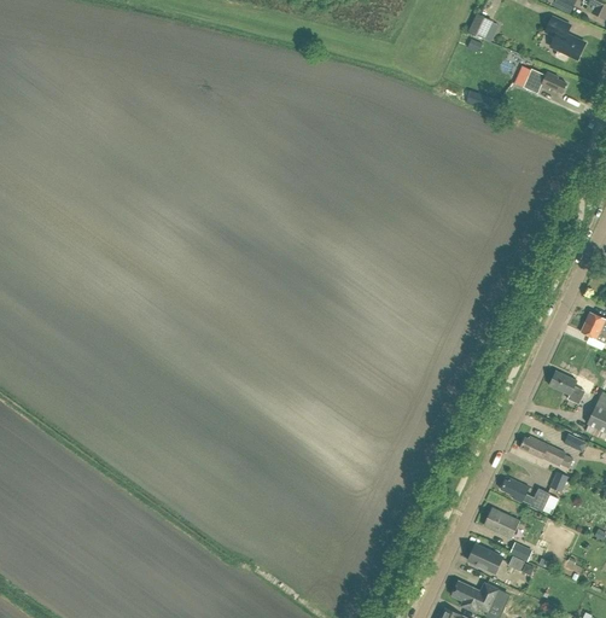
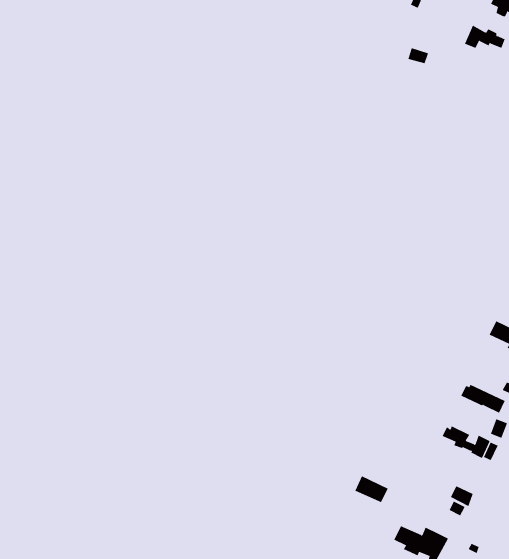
building: [485,508,520,538] -> none
building: [468,544,503,572] -> [354,476,388,503]

